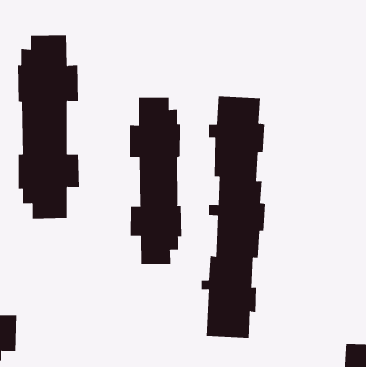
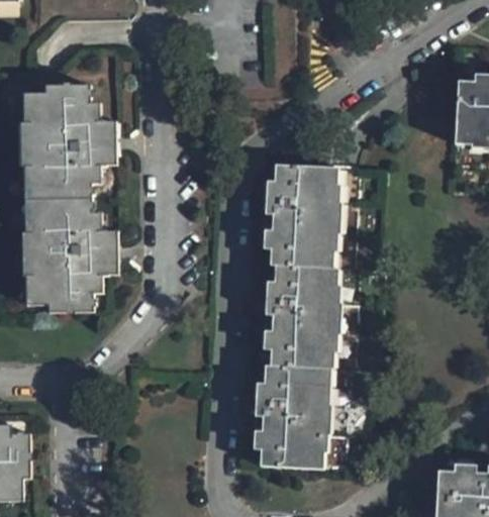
building: [130,97,182,265] -> none

